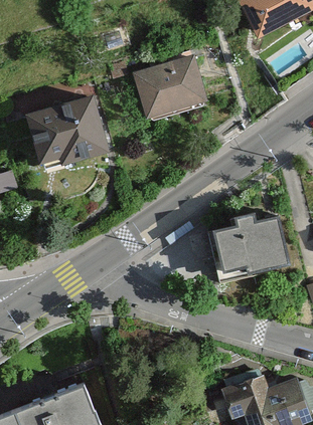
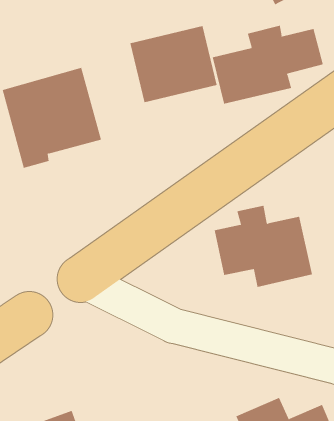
building: none -> [212,25,323,105]

